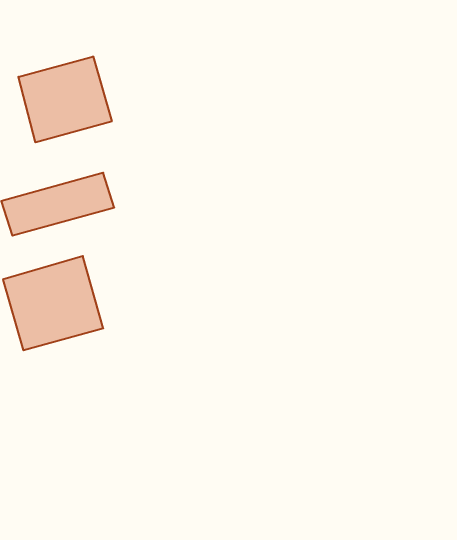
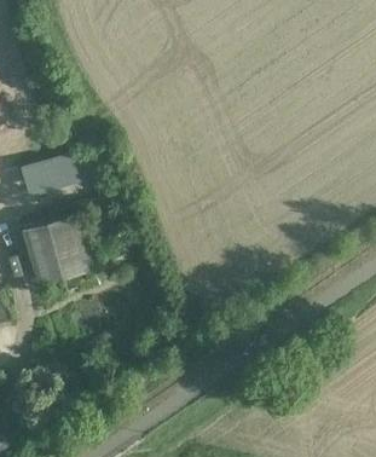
building: [18,56,112,142] -> none

